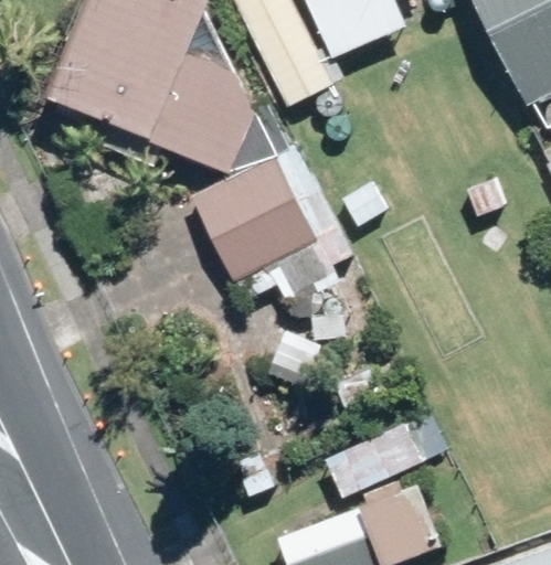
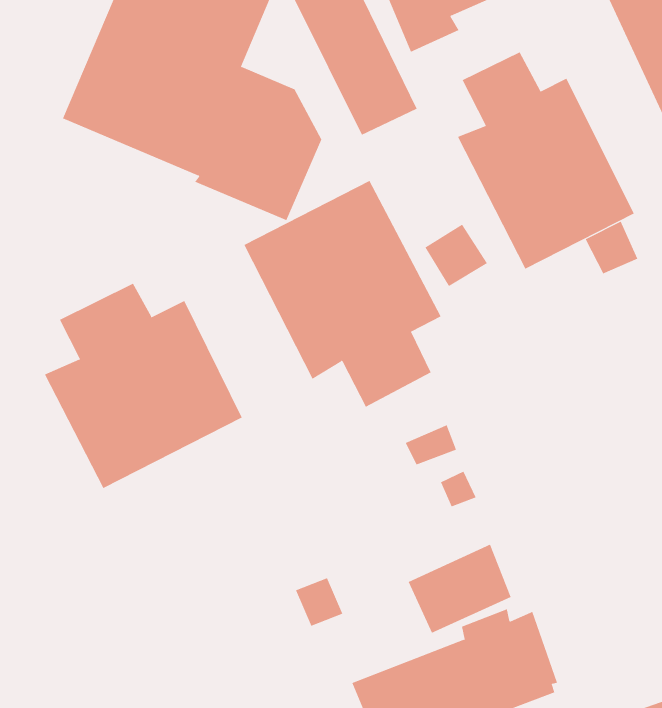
building: none -> [457,51,634,270]
building: none -> [44,283,243,489]

